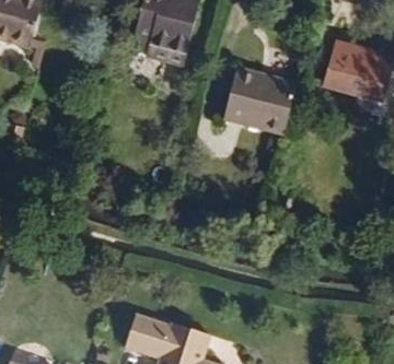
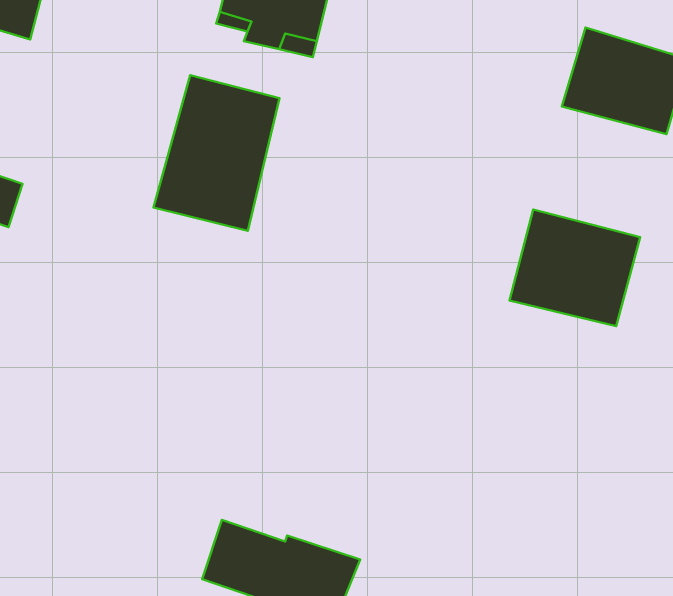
building: none -> [153,75,279,231]
building: [223,69,296,133] -> [510,210,640,326]

